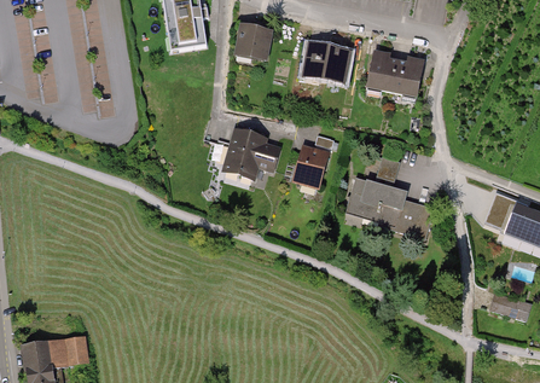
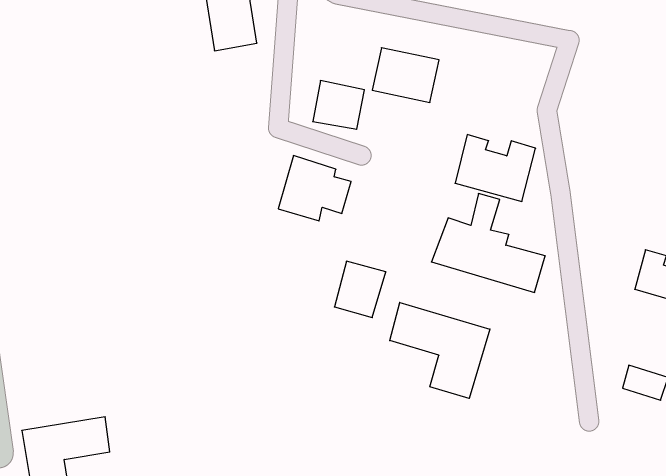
building: [230,22,271,60] -> [313,81,364,129]
building: [361,48,425,101] -> [455,135,536,201]
building: [290,143,331,187] -> [334,261,386,318]
building: none -> [390,302,490,398]

